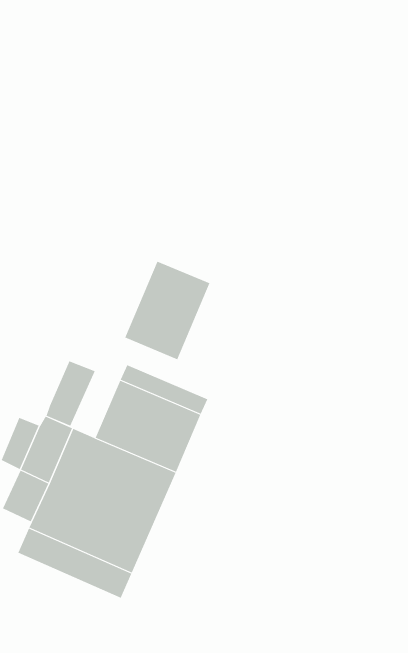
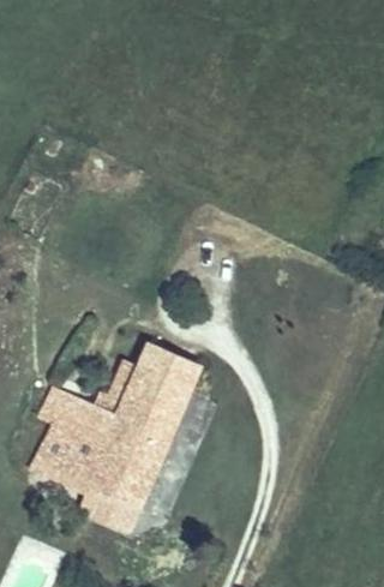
building: [125,261,210,360] -> none
building: [46,360,95,427] -> none

